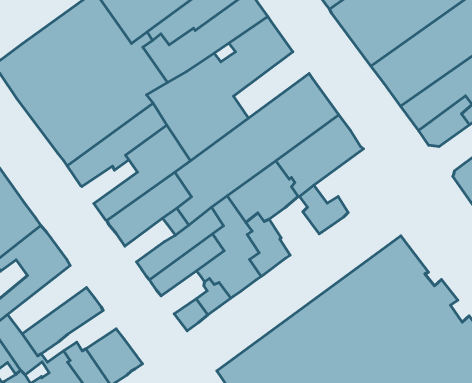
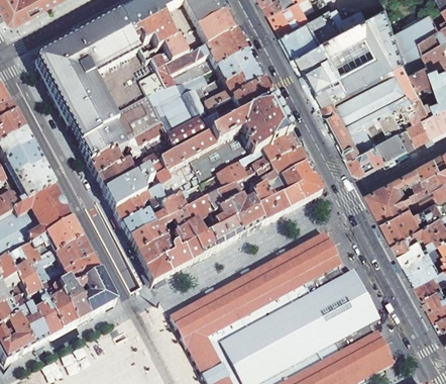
building: none -> [213,82,272,127]
building: none -> [264,163,319,209]
building: none -> [89,147,132,176]
building: none -> [227,199,263,235]
building: none -> [115,194,149,224]
building: none -> [19,220,82,267]
building: none -> [137,237,173,268]
building: none -> [40,258,100,291]

